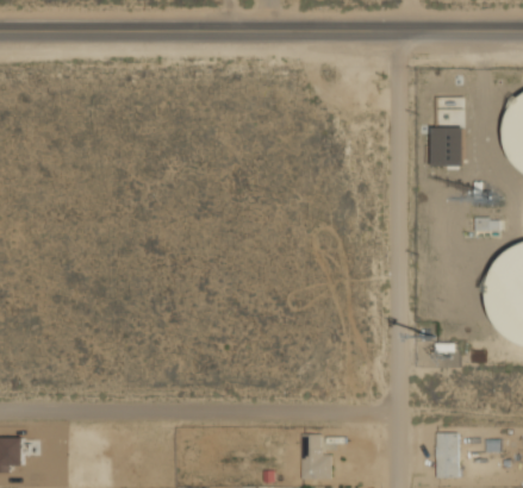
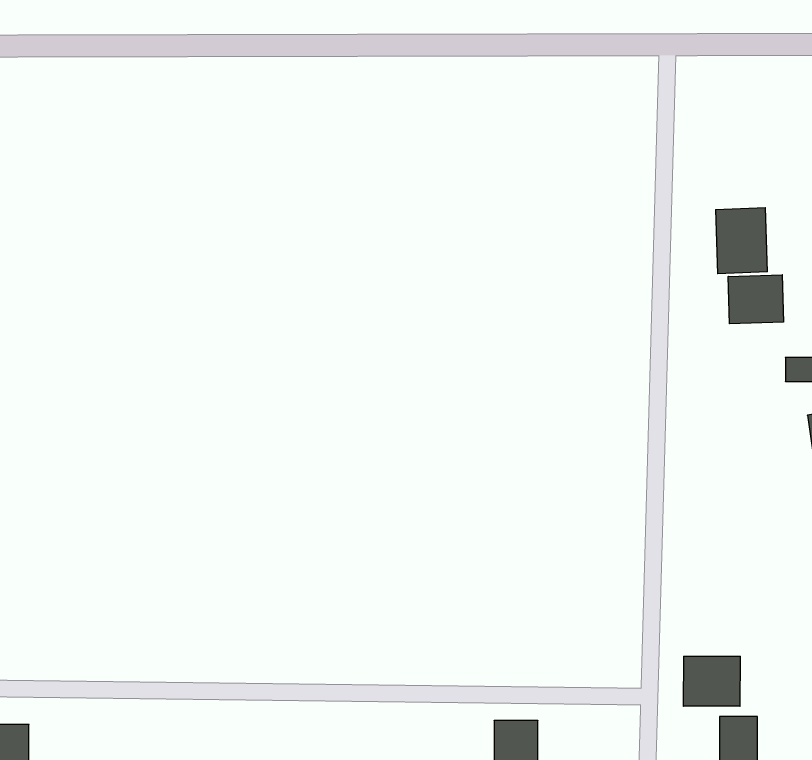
building: none -> [728,275,783,324]
building: none -> [683,656,740,706]

